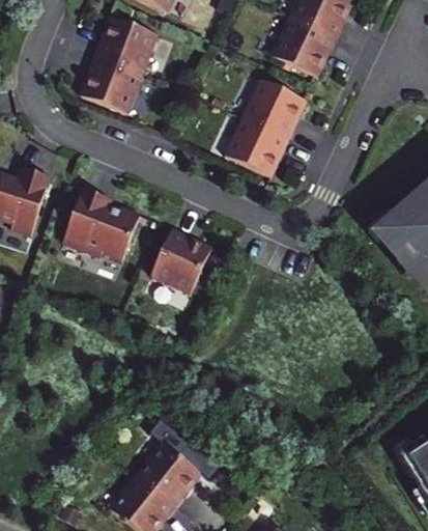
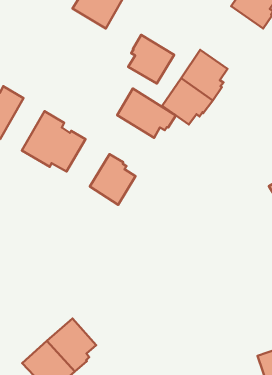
building: [275,17,337,74] -> none
building: [86,54,141,111] -> [128,35,174,83]
building: none -> [117,88,176,138]

